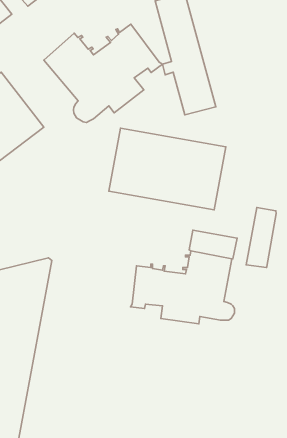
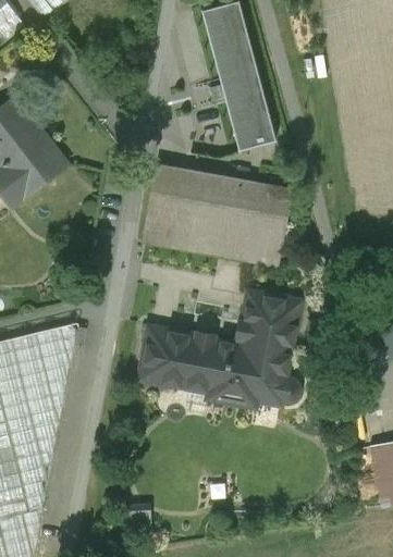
building: [44,24,162,122] -> none
building: [246,208,276,268] -> none
building: none -> [139,326,179,385]

